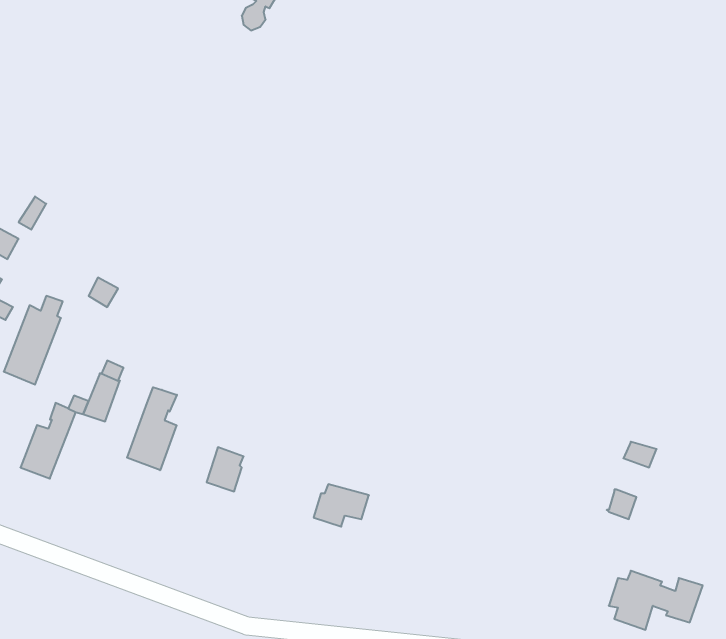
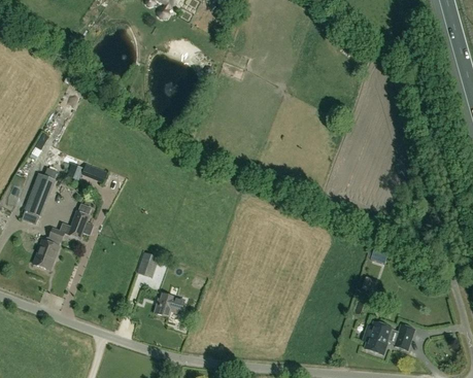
building: [127,387,177,470] -> none
building: [314,484,369,527] -> [154,294,184,317]

